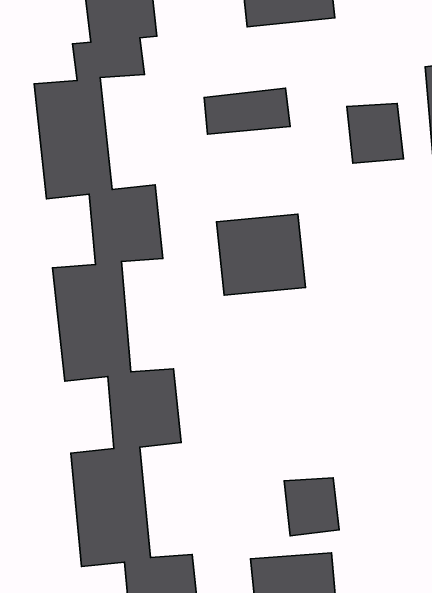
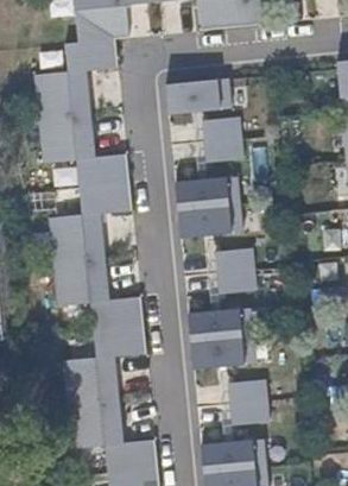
building: [347,103,403,163] -> [201,115,245,162]
building: none -> [214,246,257,294]
building: none -> [188,307,257,368]

